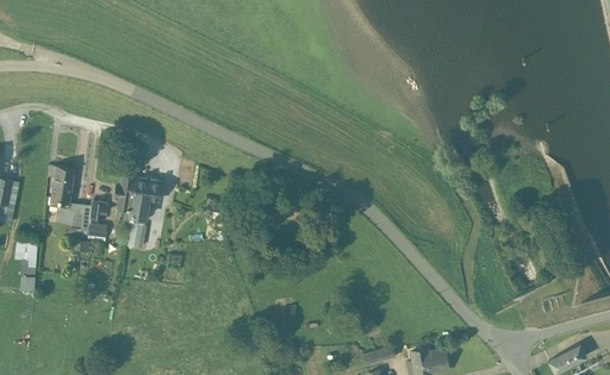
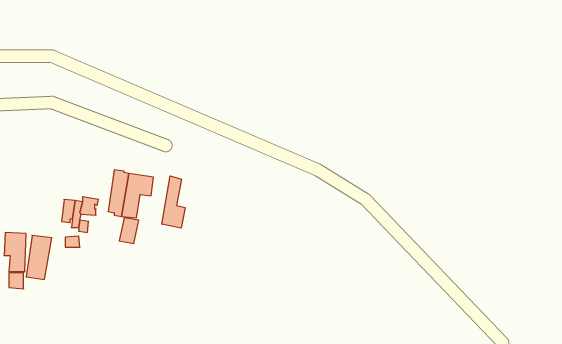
building: [50,165,75,208] -> [26,235,52,279]
building: none -> [162,176,185,228]

